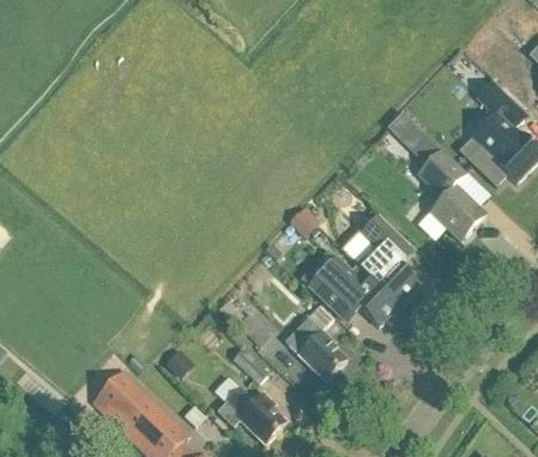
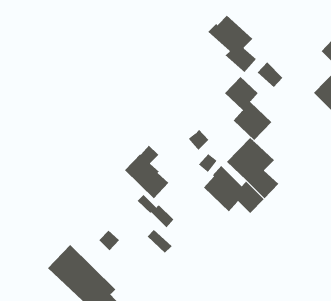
building: none -> [208,15,257,73]
building: [417,149,484,240] -> [224,76,272,141]
building: [283,303,346,380] -> [124,145,169,199]
building: [217,385,286,443] -> none

